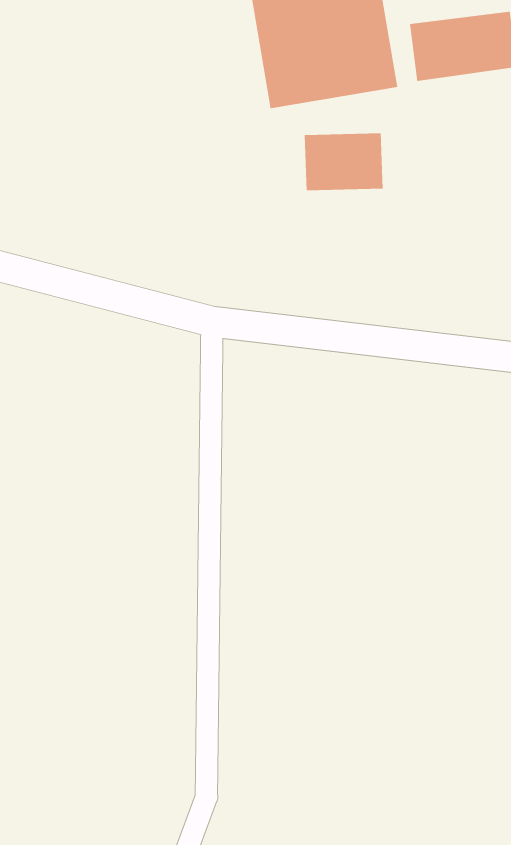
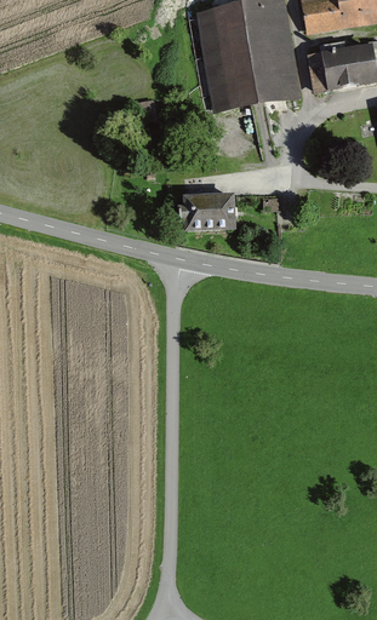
building: [304,133,383,191] -> [183,191,236,230]

